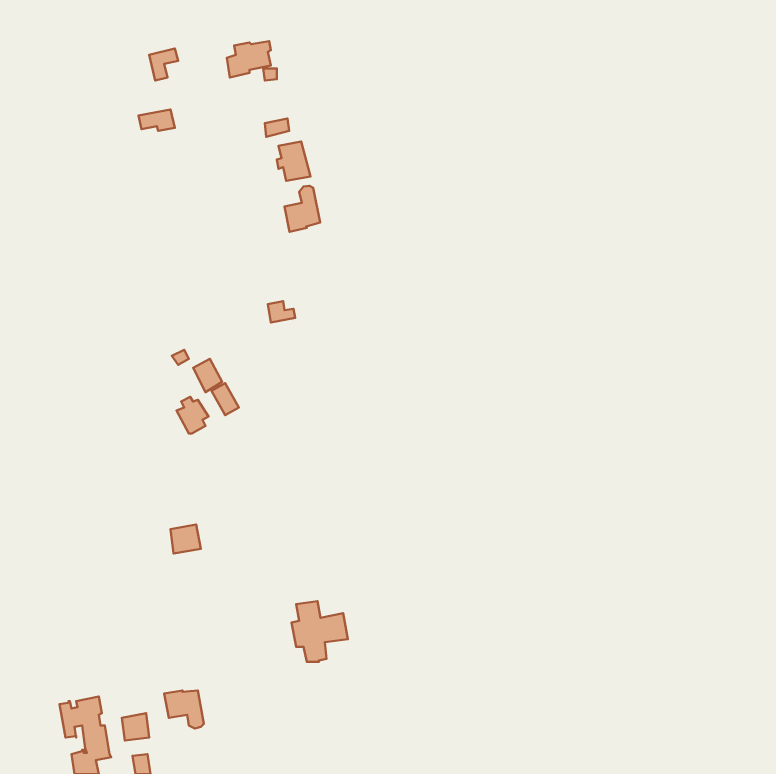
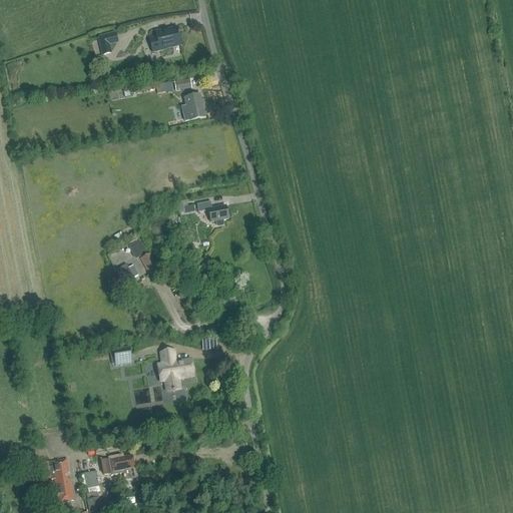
building: [284,186,320,232] -> none
building: none -> [197,200,228,225]
building: [291,601,348,662] -> [157,350,194,390]

